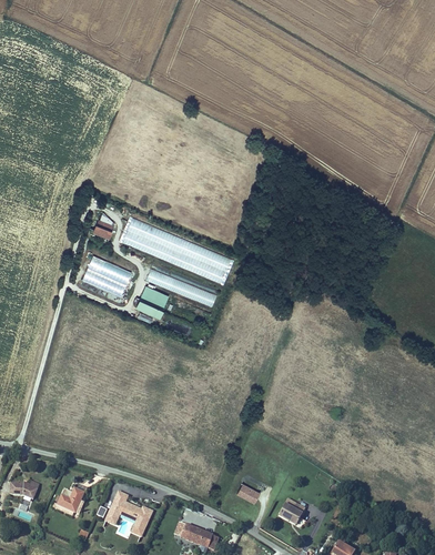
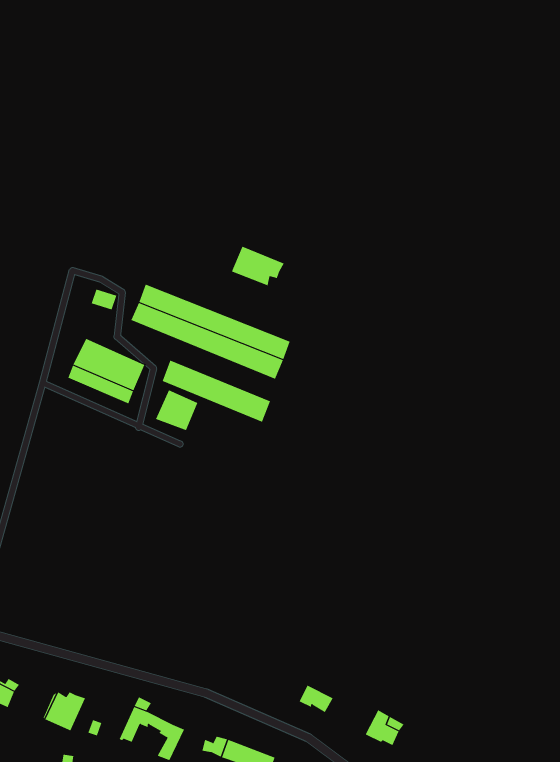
building: none -> [231,246,285,286]

